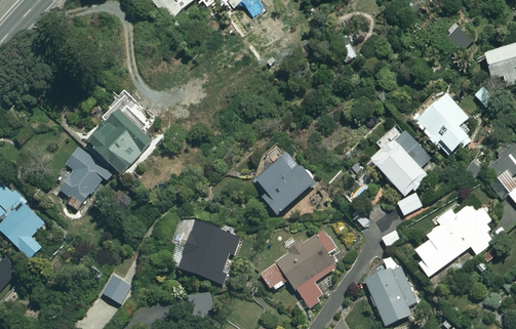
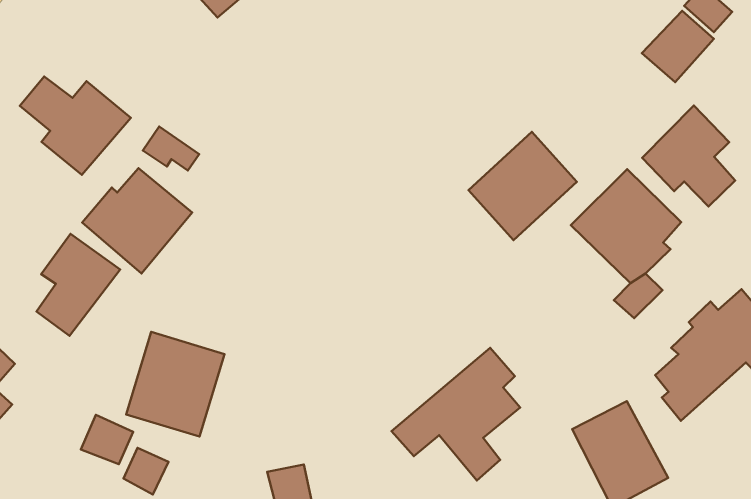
building: none -> [642,11,714,82]
building: none -> [20,76,131,175]
building: [250,153,314,215] -> [469,132,577,240]
building: [178,221,238,284] -> [126,332,224,436]
building: none -> [81,415,133,464]

